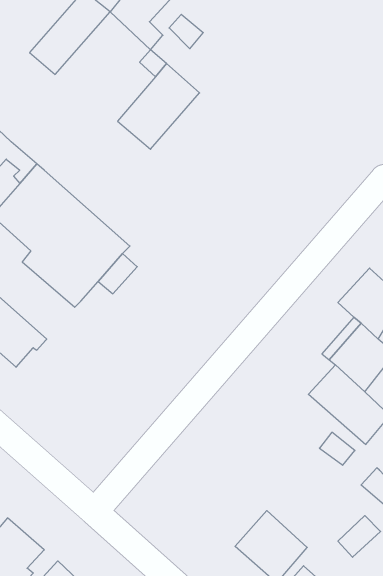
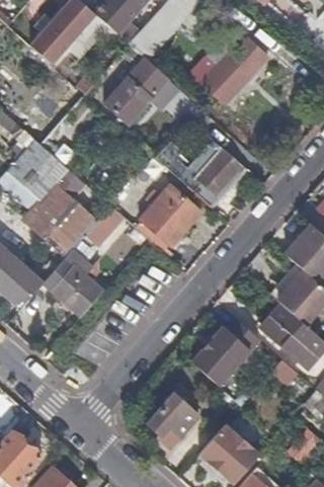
building: none -> [205,38,264,99]
building: none -> [155,140,242,206]
building: none -> [141,184,201,245]
building: none -> [43,251,101,316]
building: none -> [192,318,261,386]
building: none -> [149,394,200,445]

